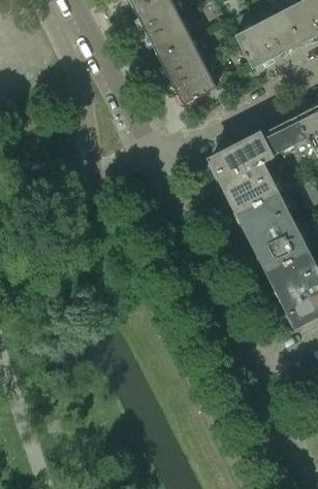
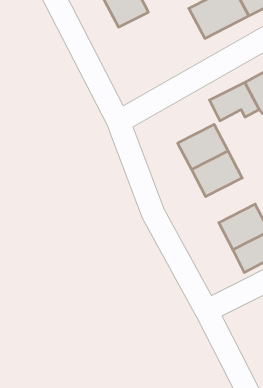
building: [157,38,216,104] -> none
building: [211,135,269,183] -> none
building: [253,221,308,270] -> none

